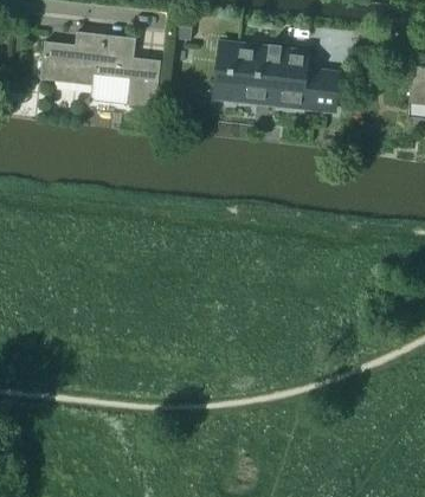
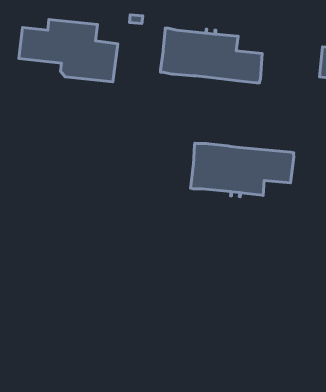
building: none -> [191,143,294,197]

